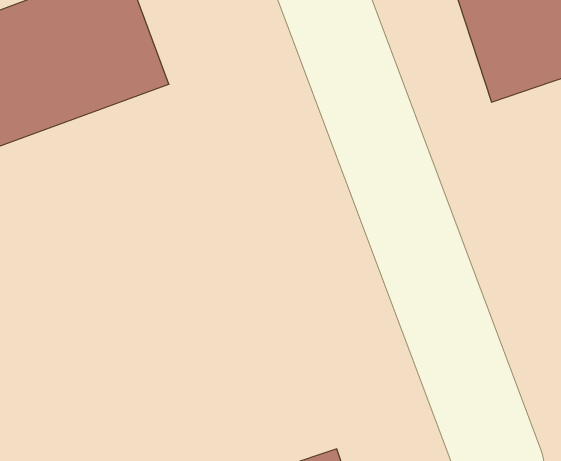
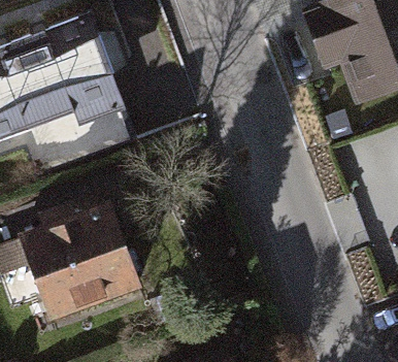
building: none -> [21,201,137,314]

